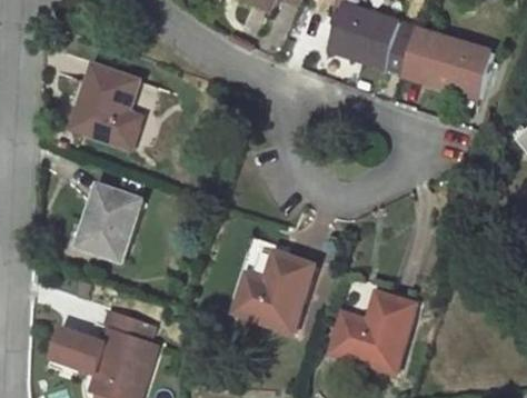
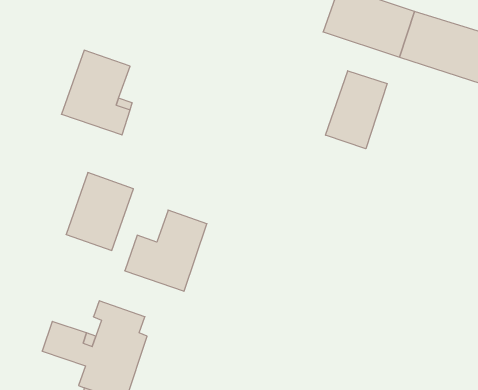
building: none -> [326,71,387,149]
building: [233,252,314,331] -> [125,210,207,291]
building: [330,292,416,371] -> none

